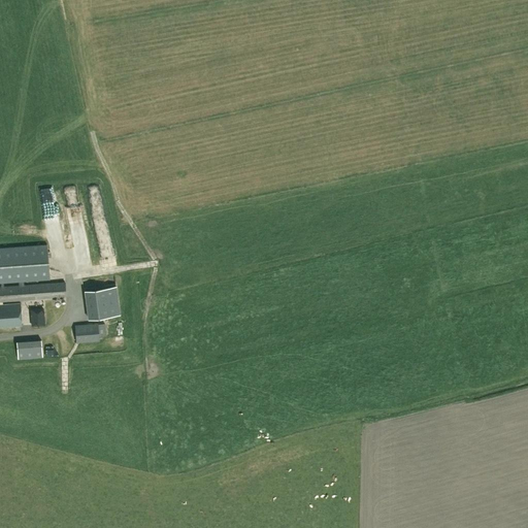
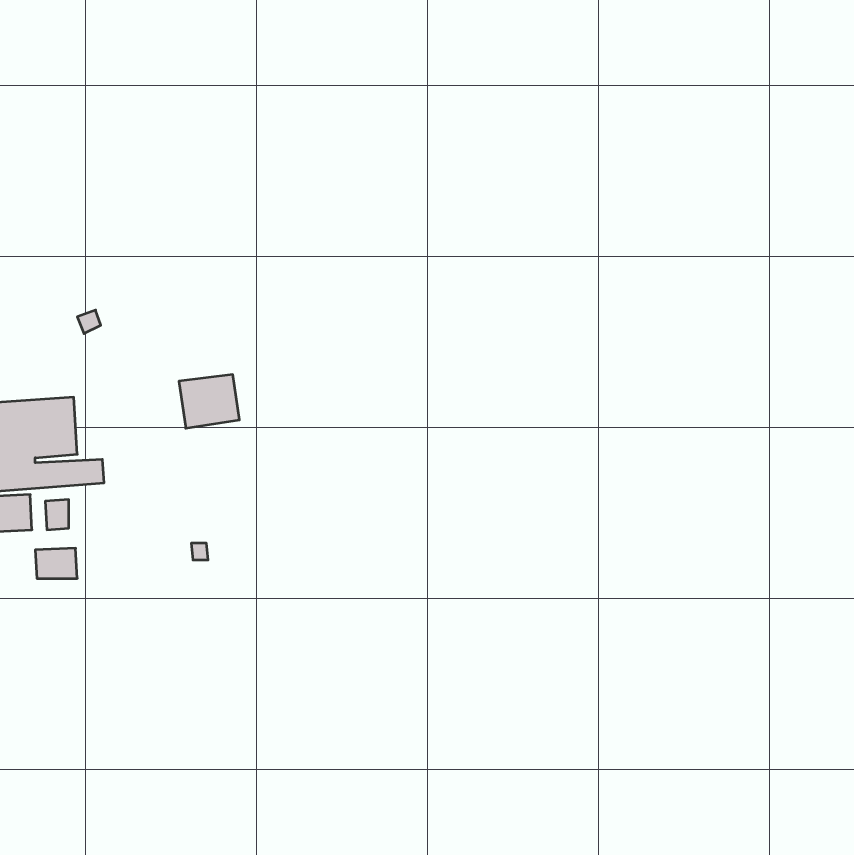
building: [81,288,119,321] -> [179,375,239,428]
building: [73,325,97,344] -> none

